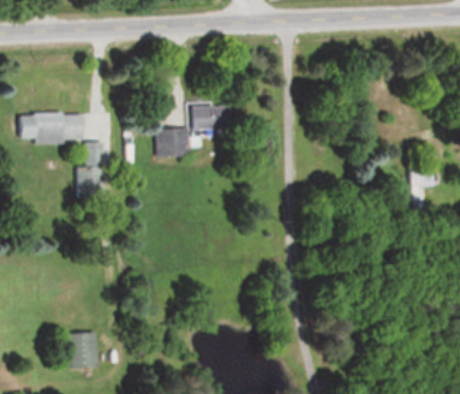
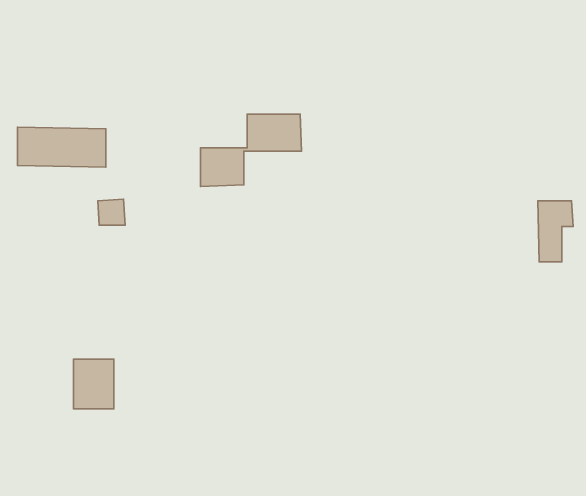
building: [70,333,100,370] -> [74,359,114,409]

